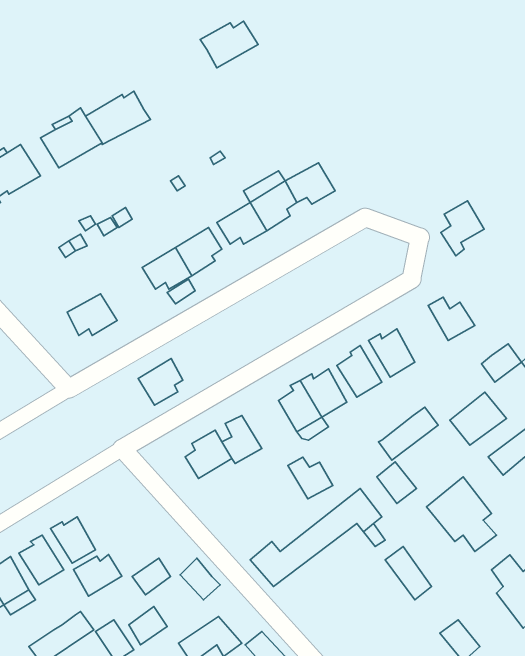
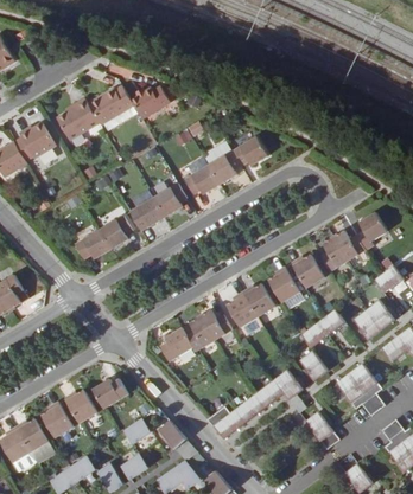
building: [200,21,258,68] -> [131,85,172,118]
building: [441,201,484,256] -> [356,213,387,252]
building: none -> [320,238,348,274]
building: [138,359,183,405] -> [100,216,132,249]
building: [288,457,333,499] -> [201,310,233,340]
building: [74,555,122,596] -> [93,378,127,408]

